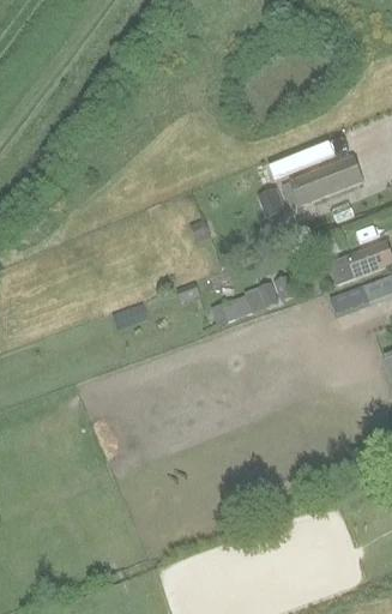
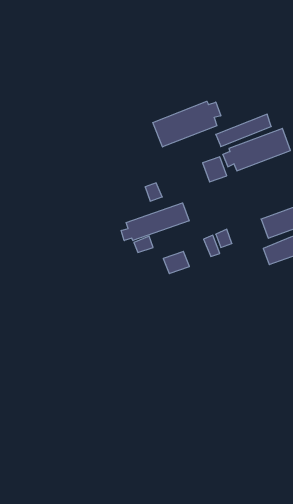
building: none -> [153,101,221,147]
building: none -> [121,203,189,241]

